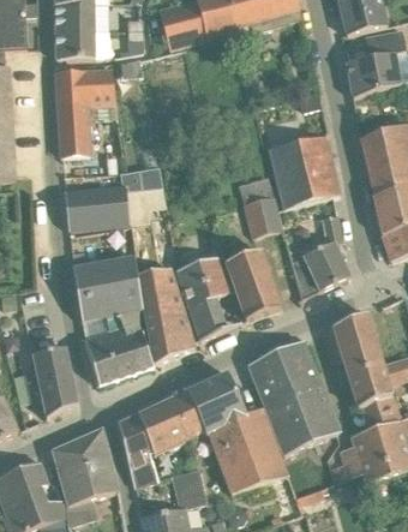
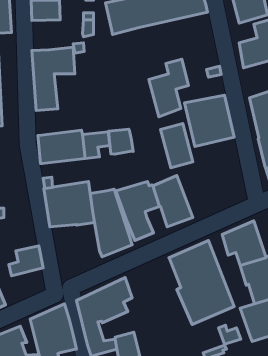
building: [56,29,97,58] -> none
building: none -> [149,59,189,117]
building: none -> [108,129,133,154]
building: [292,214,350,297] -> none
building: [84,313,154,383] -> none
building: [185,372,287,492] -> none
building: [28,377,78,417] -> none

